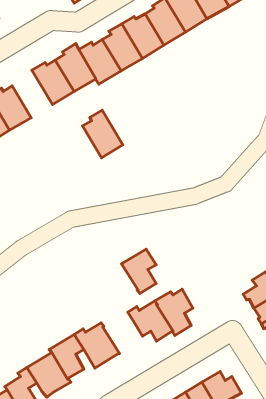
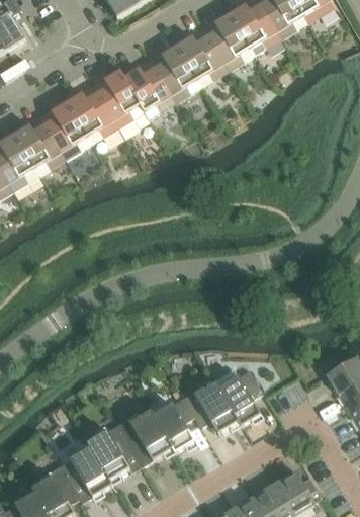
building: [82,110,123,158] -> [41,100,91,159]
building: [122,249,156,294] -> [153,398,195,452]

